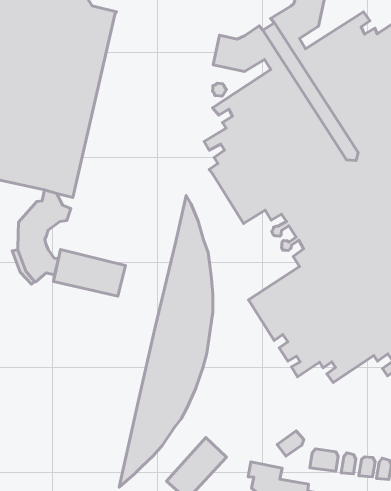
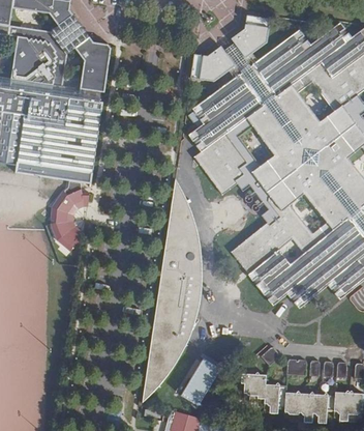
building: [54,249,126,296] -> none

